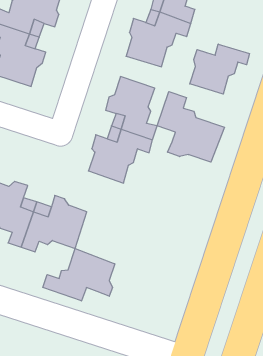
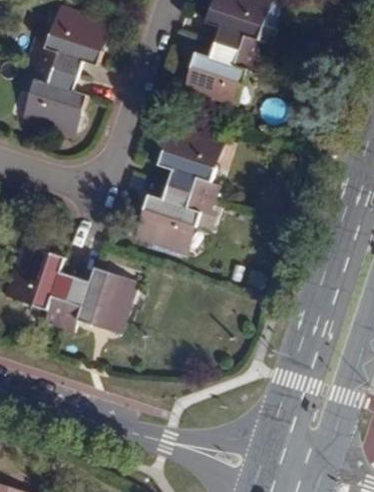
building: [190,44,250,94] -> none
building: [157,92,225,162] -> none
building: [43,249,115,301] -> none

